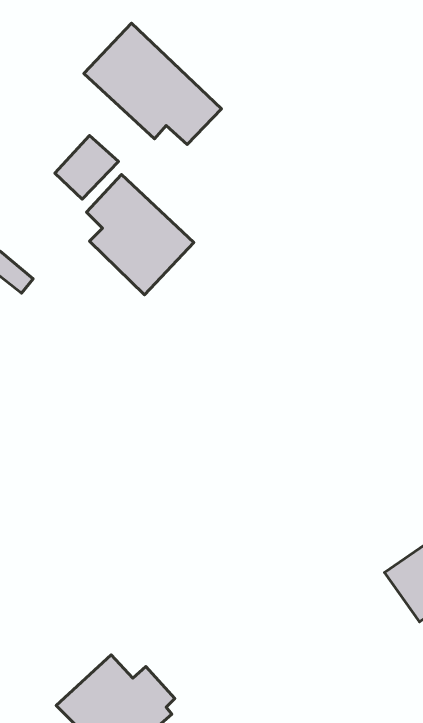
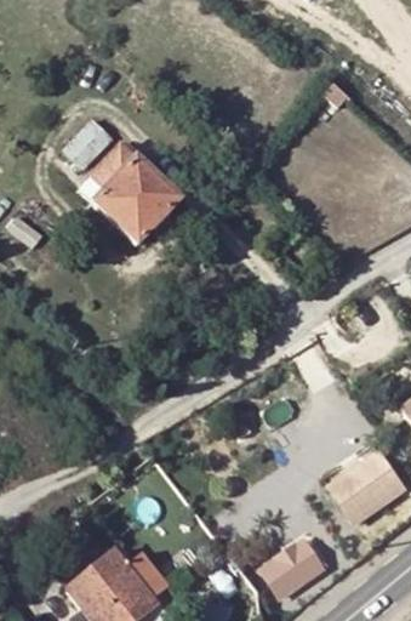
building: [84,23,222,144] -> none
building: none -> [267,530,337,596]

